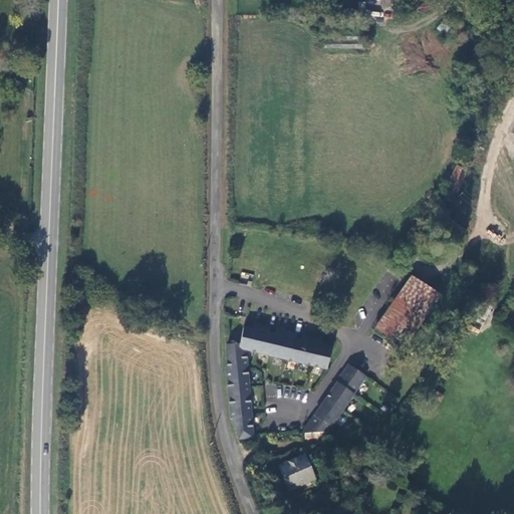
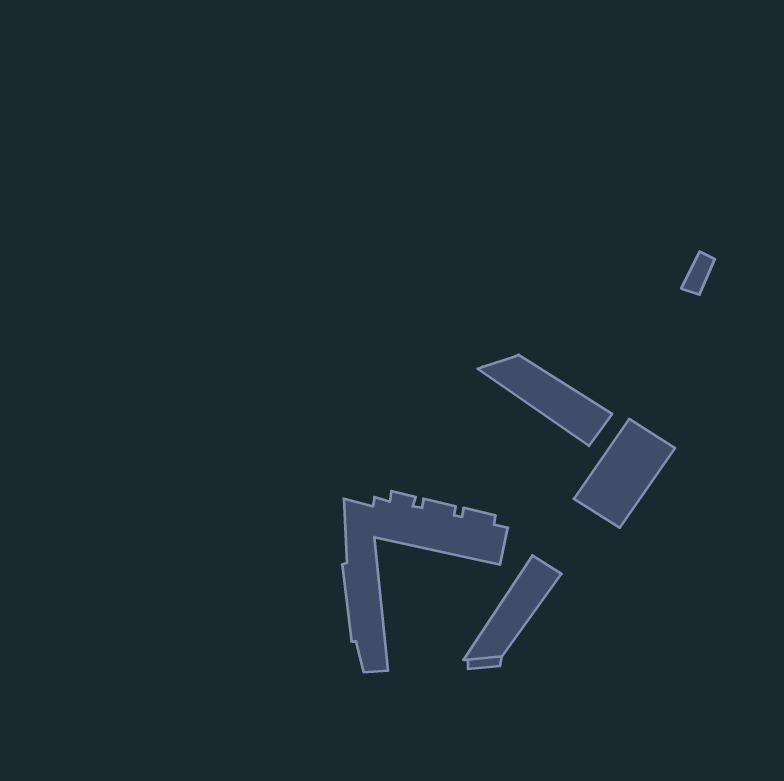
building: none -> [478,355,612,446]
building: [278,457,314,492] -> none

